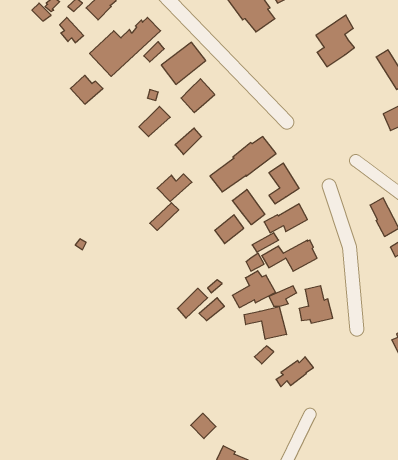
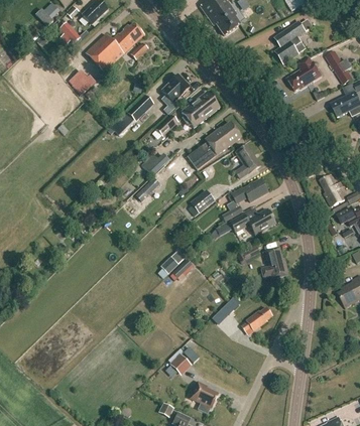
building: [161,42,206,84] -> [182,92,219,127]
building: none -> [286,55,322,91]
building: [232,189,265,225] -> none
building: [232,271,276,308] -> none
building: [244,307,287,339] -> none

